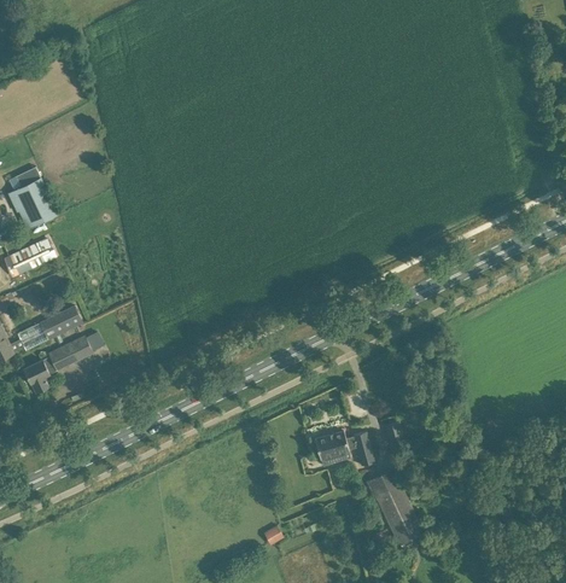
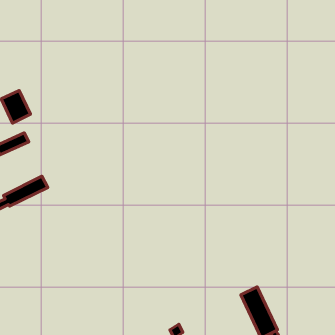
building: [22,334,93,393] -> none
building: [313,430,374,465] -> none

